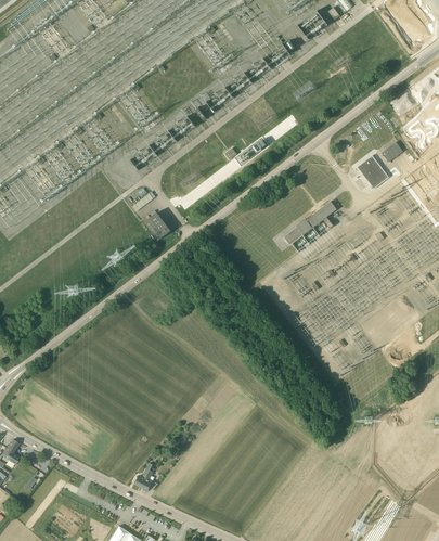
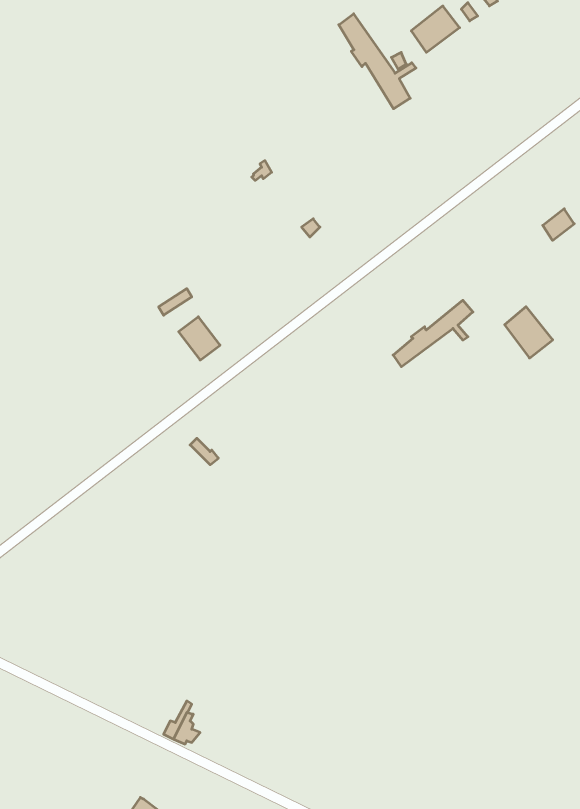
building: none -> [339,14,416,109]
building: [358,155,389,189] -> [505,307,553,358]

